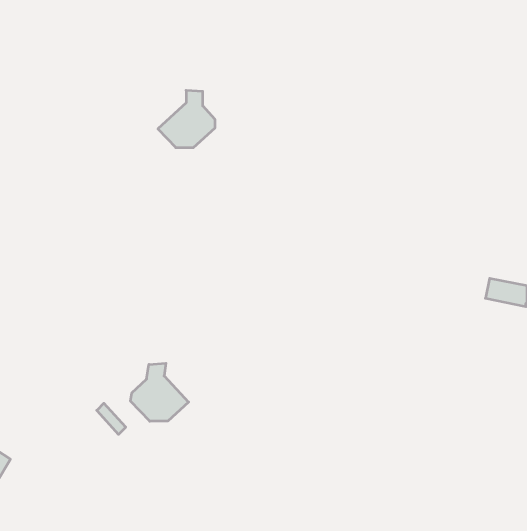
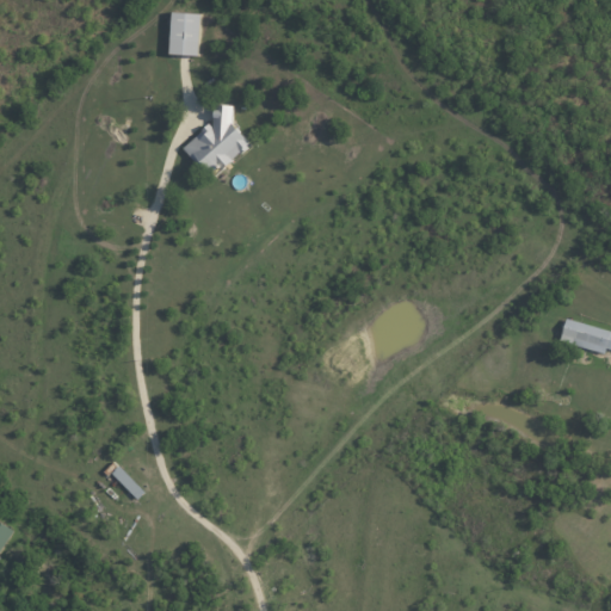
building: none -> [169,11,200,54]
building: [131,363,189,421] -> none

